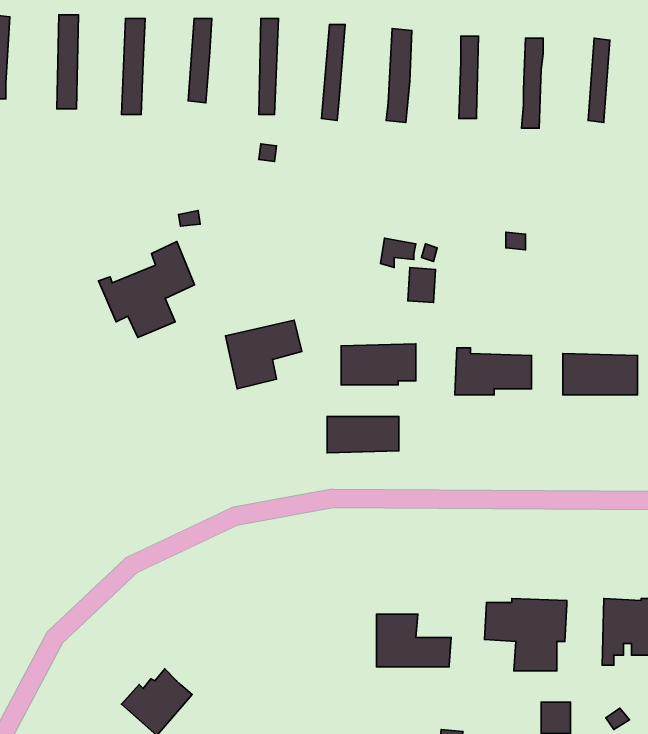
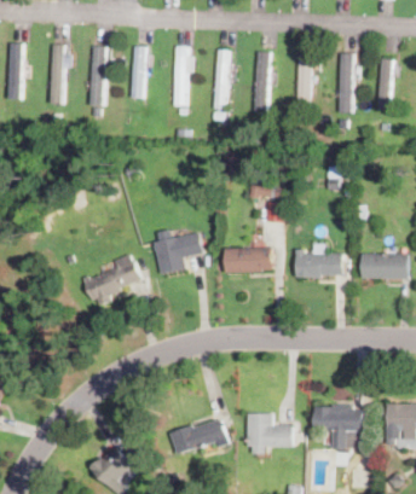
building: [99,242,195,338] -> [82,252,141,312]
building: [327,417,399,453] -> none
building: none -> [172,418,230,453]

